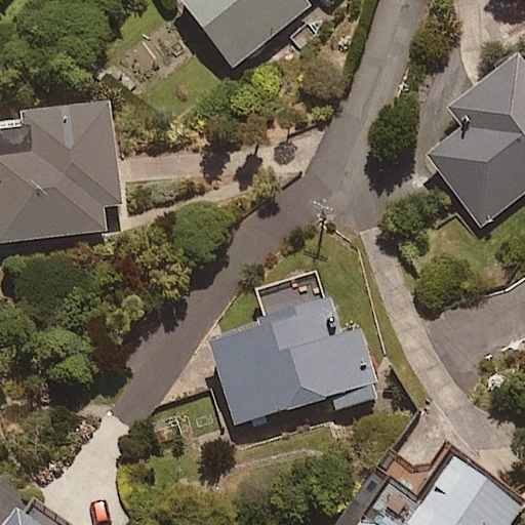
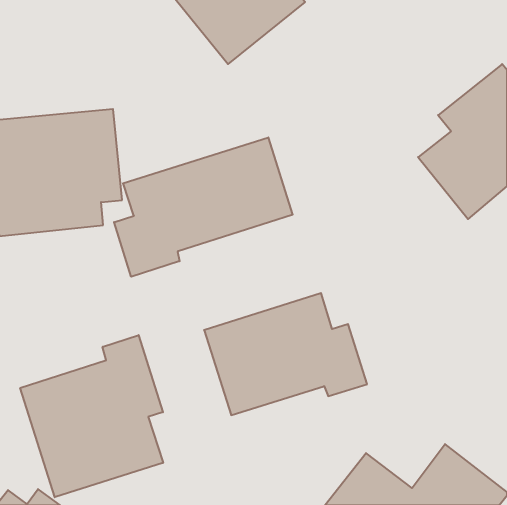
building: none -> [114,137,293,277]
building: none -> [20,335,163,497]

